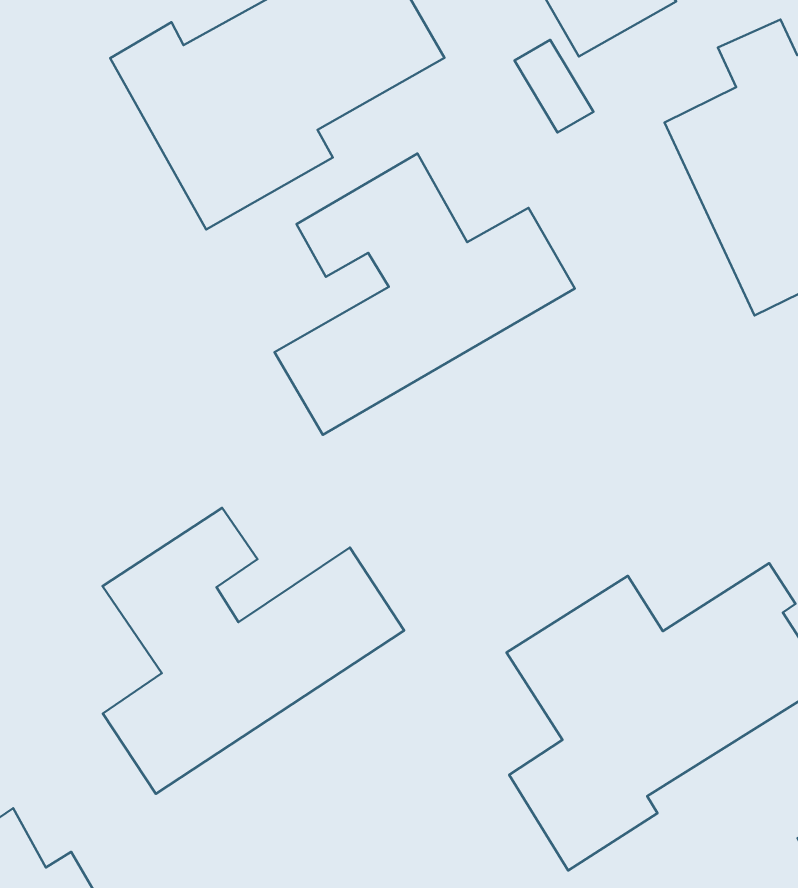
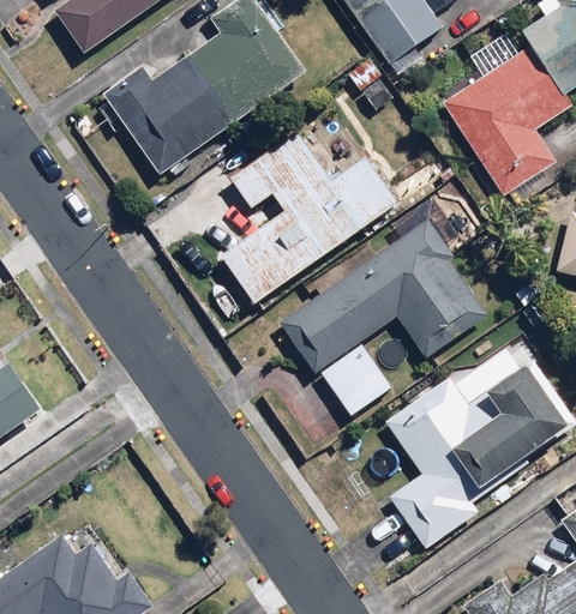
building: none -> [283,188,488,420]
building: [103,508,404,794] -> none

